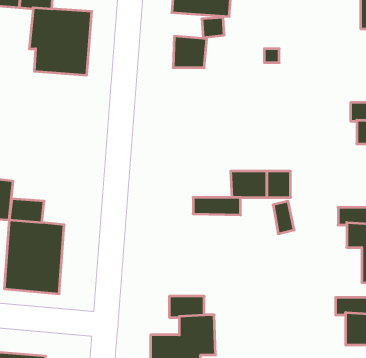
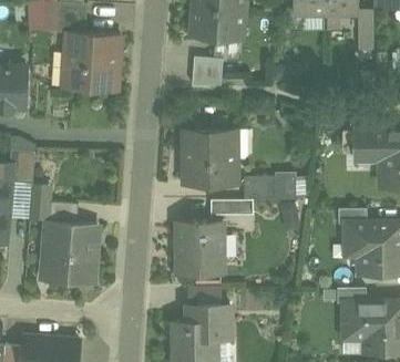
building: none -> [184,130,247,185]
building: none -> [176,223,219,276]

